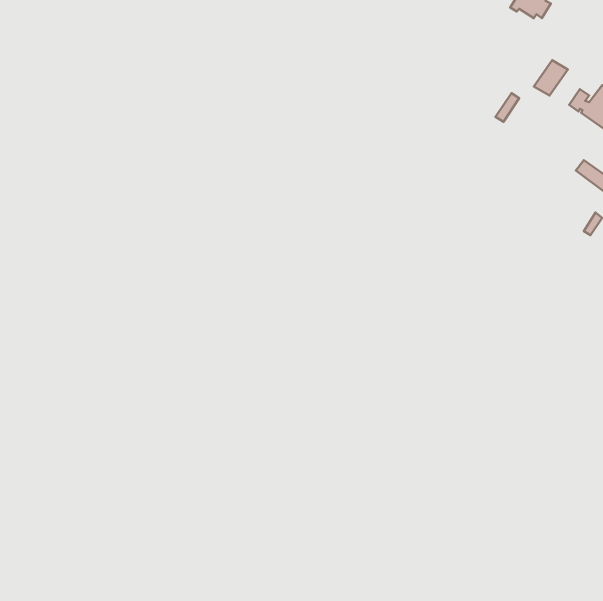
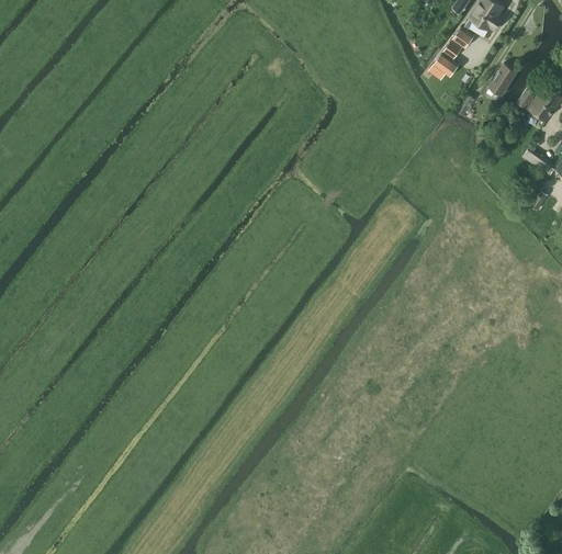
building: none -> [434,26,475,78]

